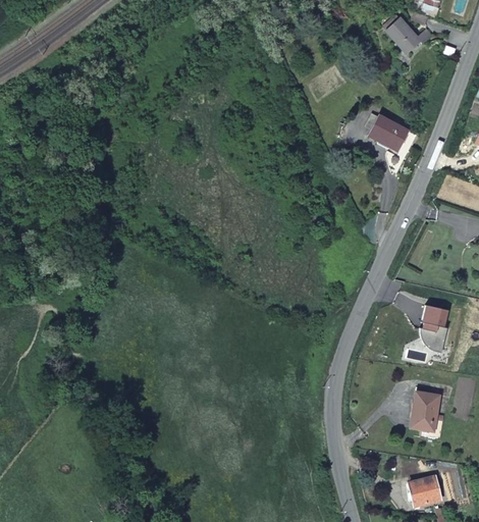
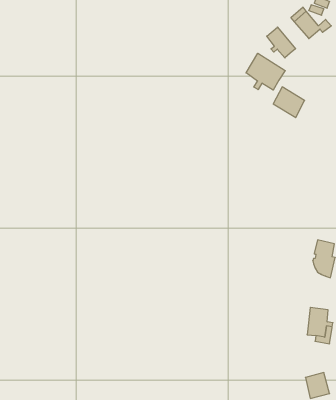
building: none -> [267,27,296,58]
building: none -> [246,53,285,90]

